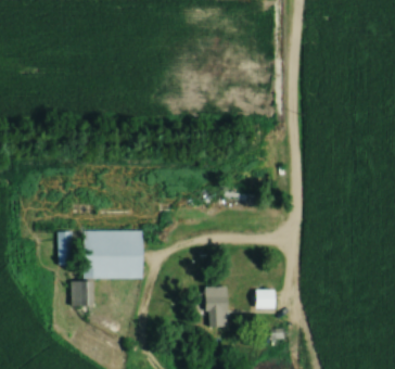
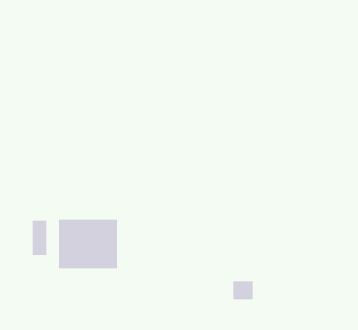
building: [69,280,90,305] -> none
building: [207,287,228,327] -> none

